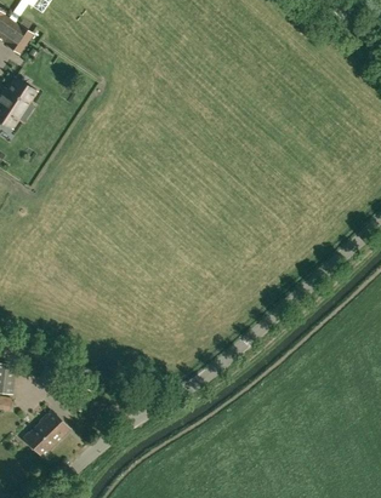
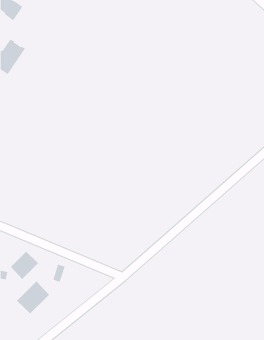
building: none -> [10,251,39,280]

